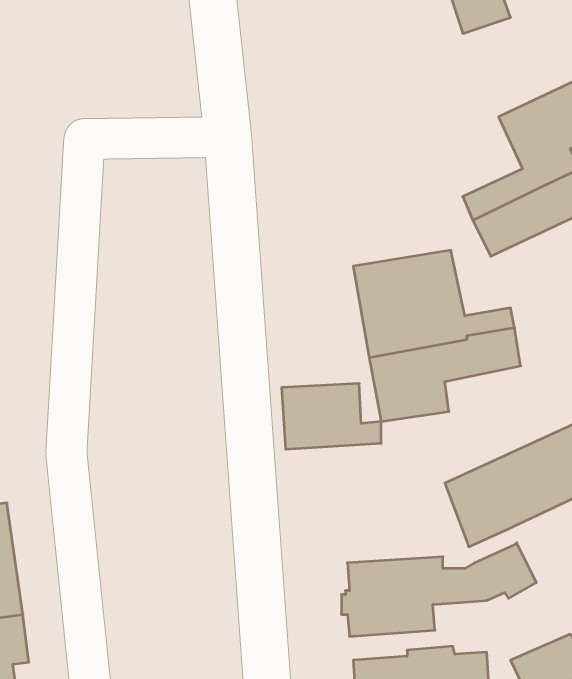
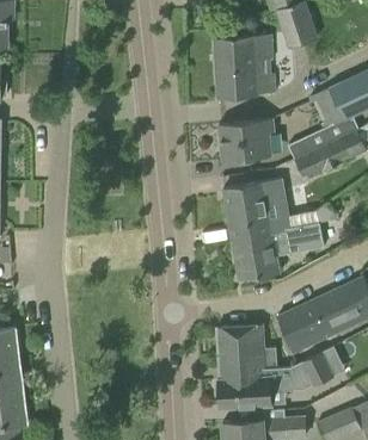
building: none -> [214,36,275,99]
building: none -> [219,119,274,162]
building: [282,384,381,449] -> [216,326,276,365]

